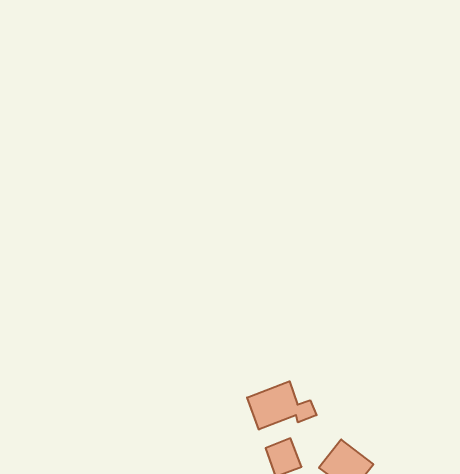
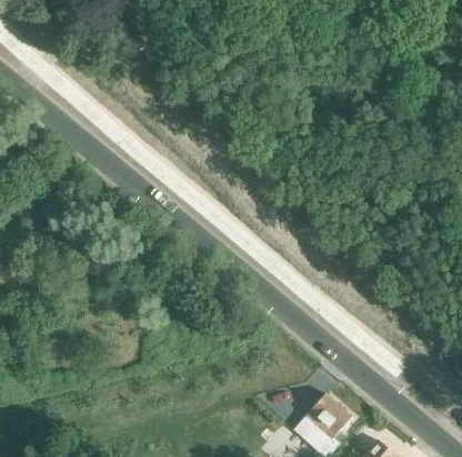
building: [247,381,317,430] -> none

